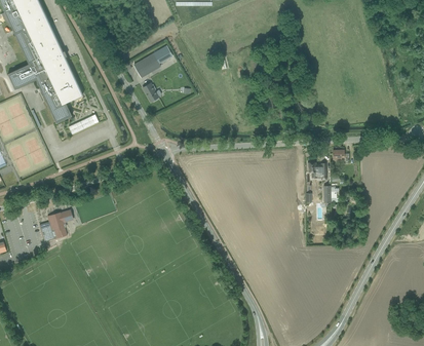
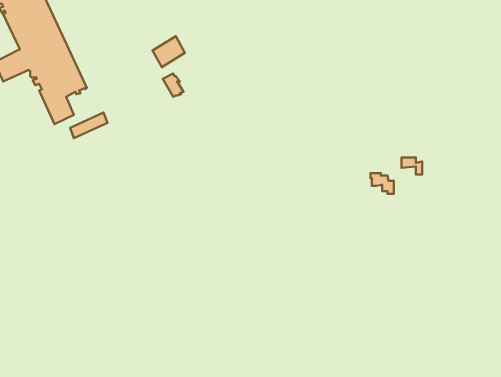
building: [39,209,74,242] -> none

